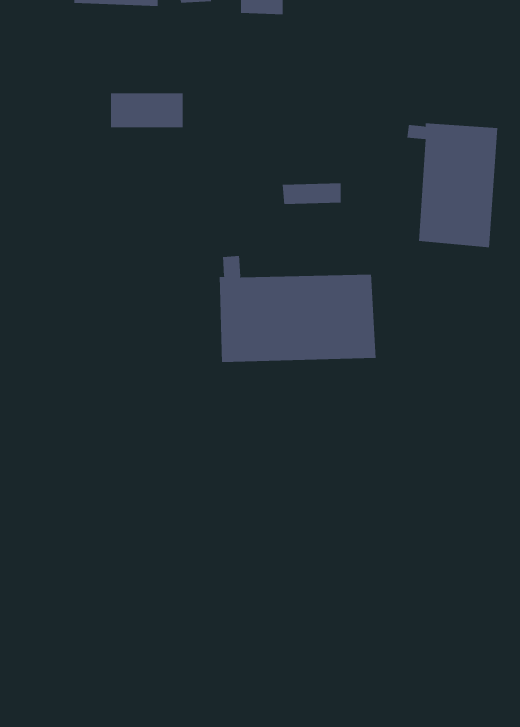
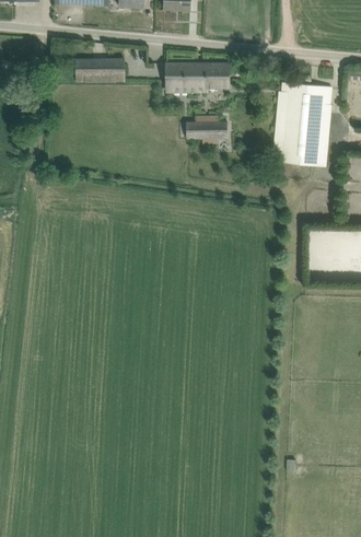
building: none -> [162,59,228,91]
building: [219,255,376,363] -> none

